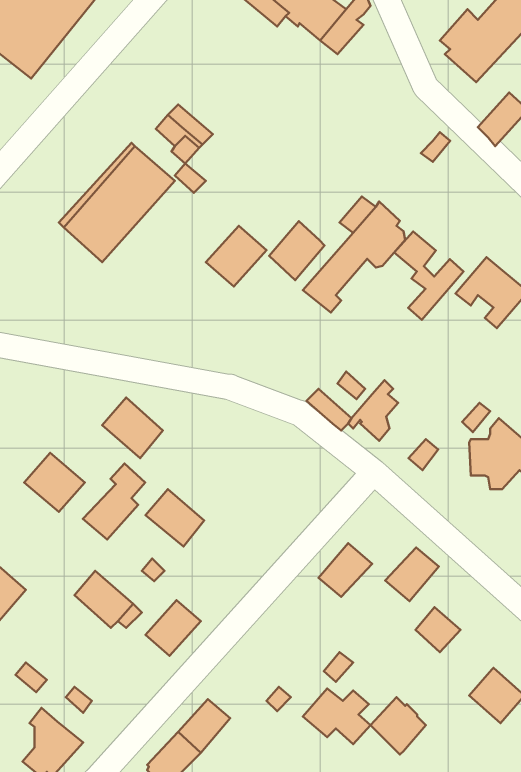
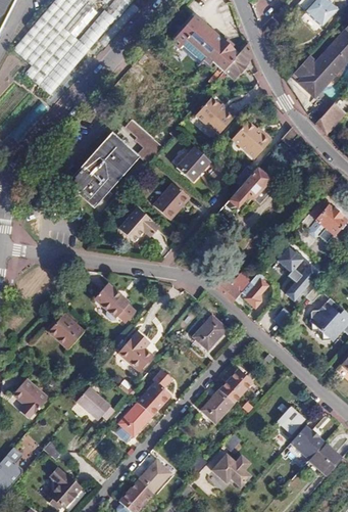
building: none -> [196,97,235,134]
building: none -> [232,121,271,158]
building: [269,221,325,280] -> [178,144,210,179]
building: [394,232,464,320] -> [279,248,319,300]
building: none -> [120,207,160,242]
building: none -> [195,317,227,348]
building: [83,463,145,540] -> [138,370,175,415]
building: [385,548,439,601] -> [203,389,235,421]
building: [371,697,426,754] -> [291,427,324,461]

